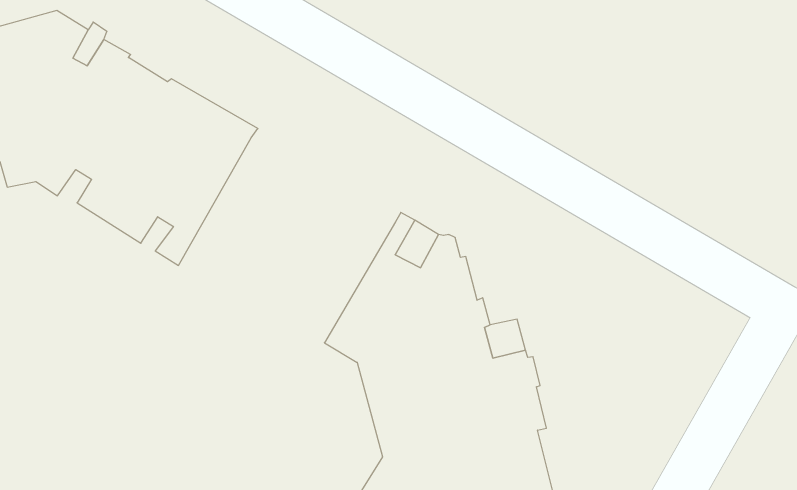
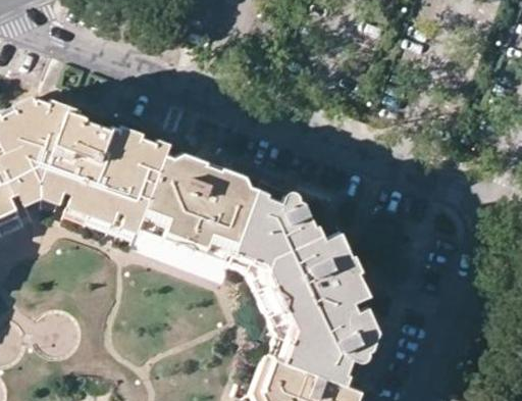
building: none -> [128,153,257,284]

